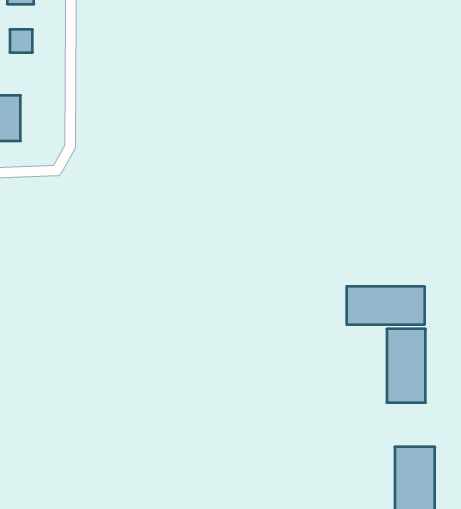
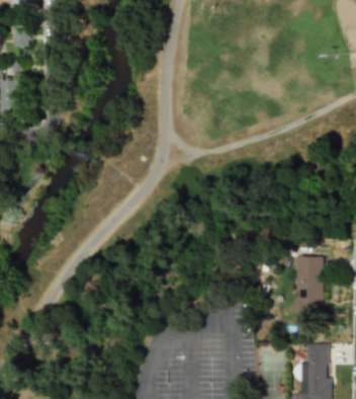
building: [347,286,424,325] -> none

